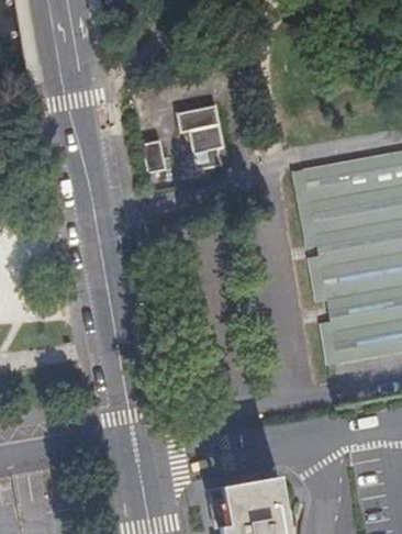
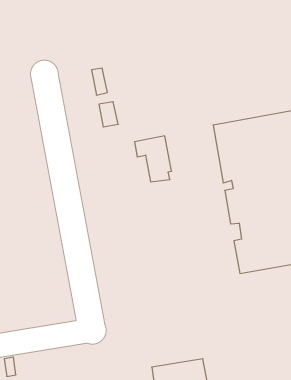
building: [177,105,225,166] -> [135,136,172,182]

